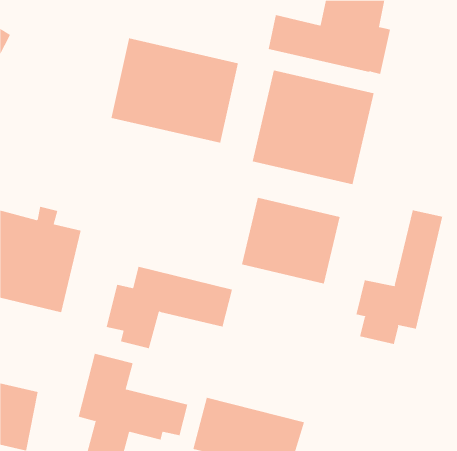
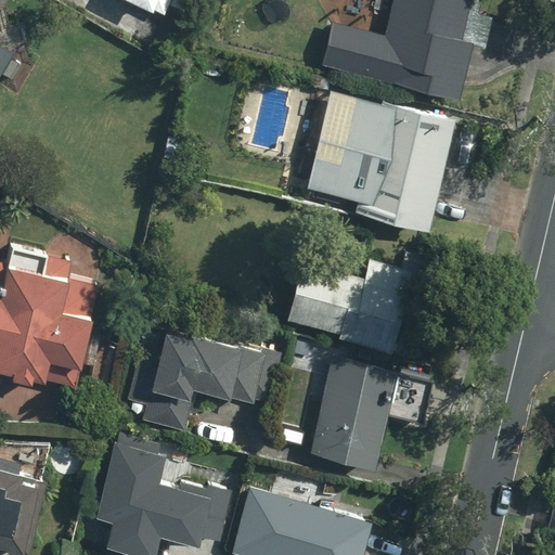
building: [111,38,238,144] -> none
building: [356,210,443,345] -> none
building: none -> [310,356,397,465]

